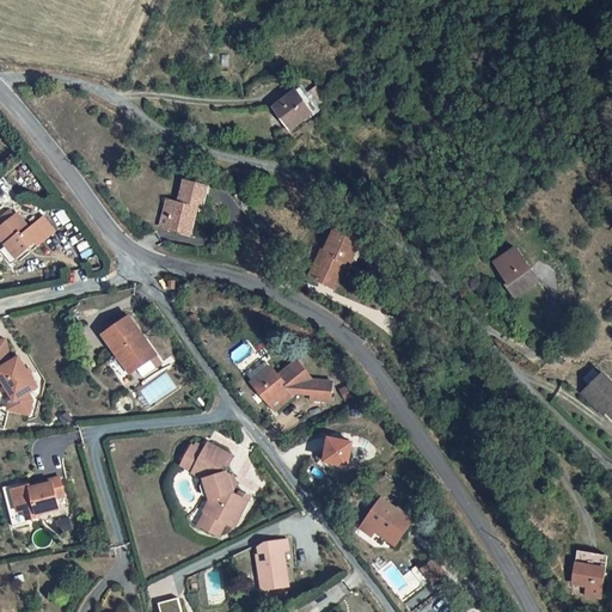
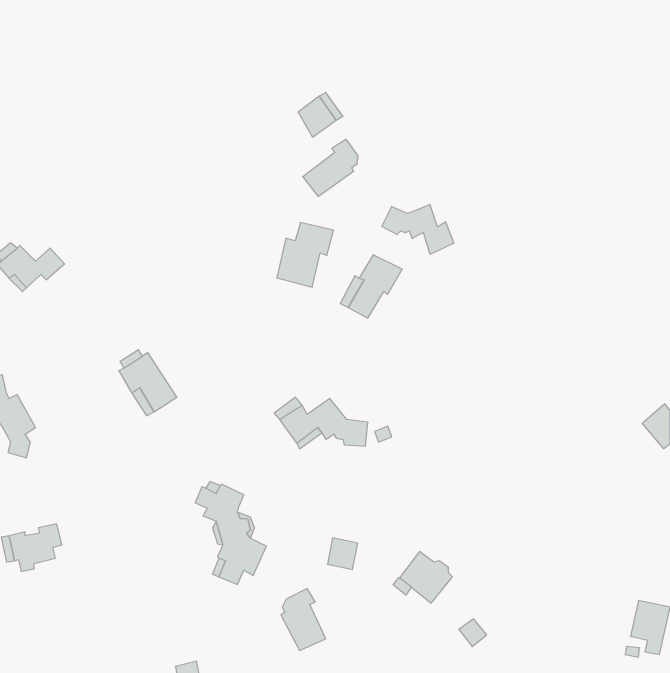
building: none -> [303,139,358,196]
building: [154,179,206,238] -> [277,222,333,287]
building: none -> [382,204,454,254]
building: [495,243,538,292] -> none
building: [325,439,353,467] -> [327,538,358,570]

